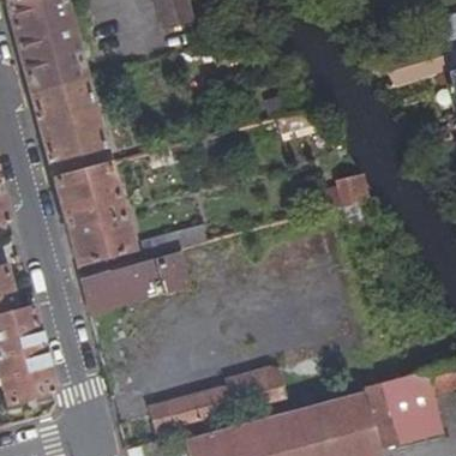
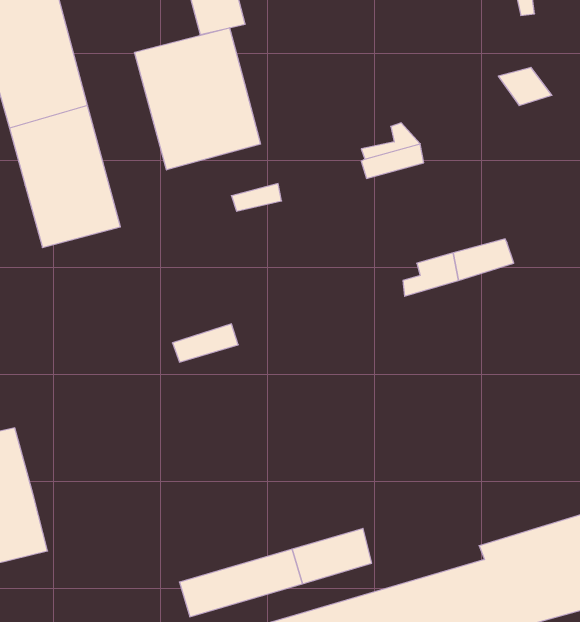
building: none -> [135,28,260,170]
building: [54,164,131,268] -> none
building: [82,253,190,316] -> none

